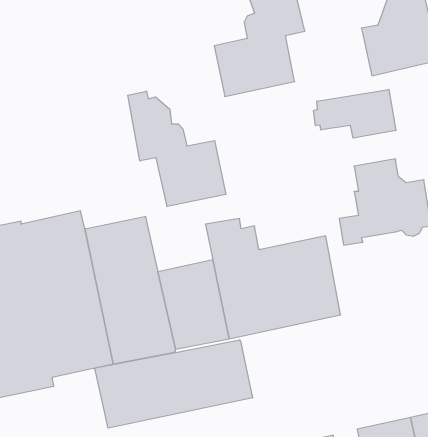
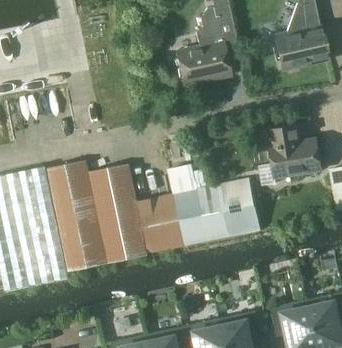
building: [313,89,396,138] -> none
building: [128,91,226,207] -> none
building: [94,340,253,428] -> none

